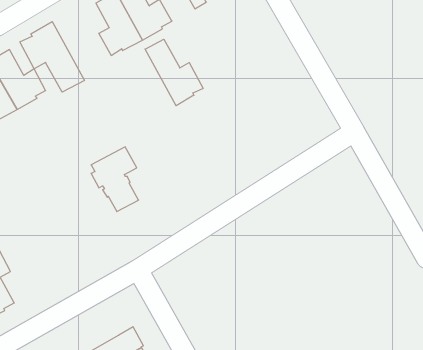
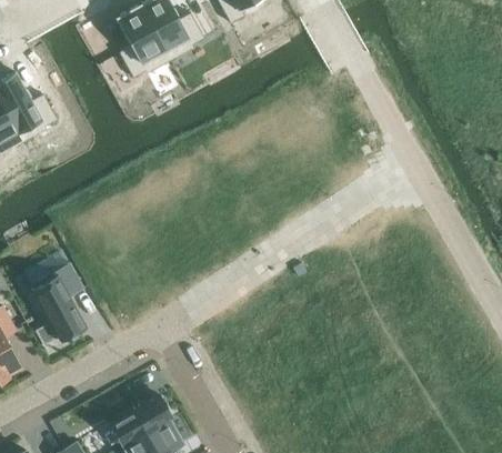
building: [20,22,84,92] -> none
building: [145,39,203,106] -> none
building: [91,147,139,212] -> [30,264,86,340]

